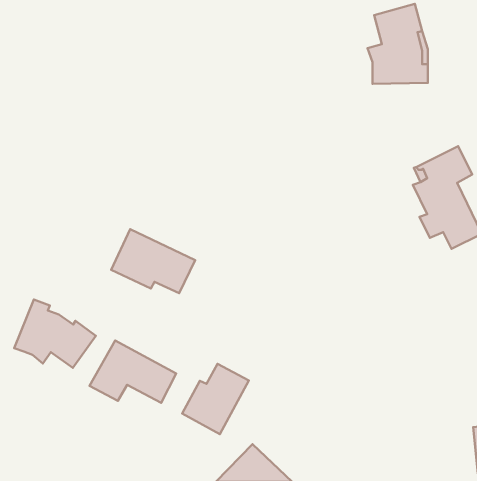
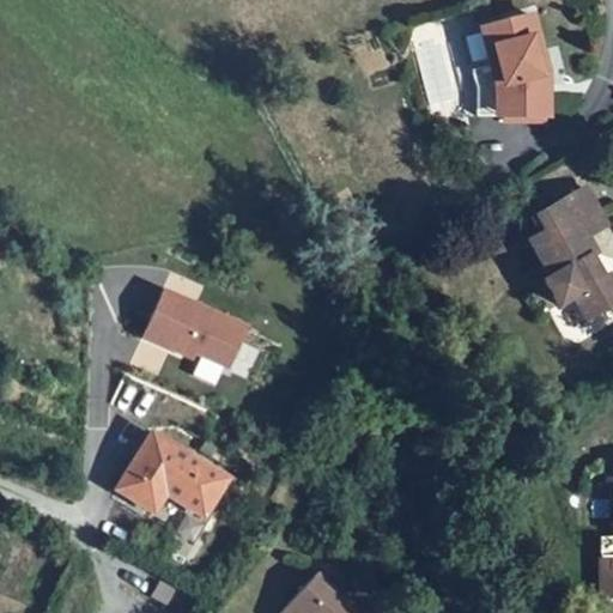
building: [14,300,96,368] -> none
building: [182,364,249,434] -> none

